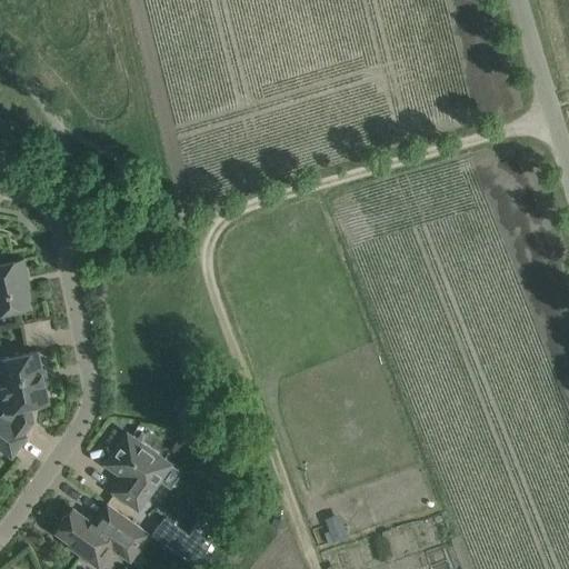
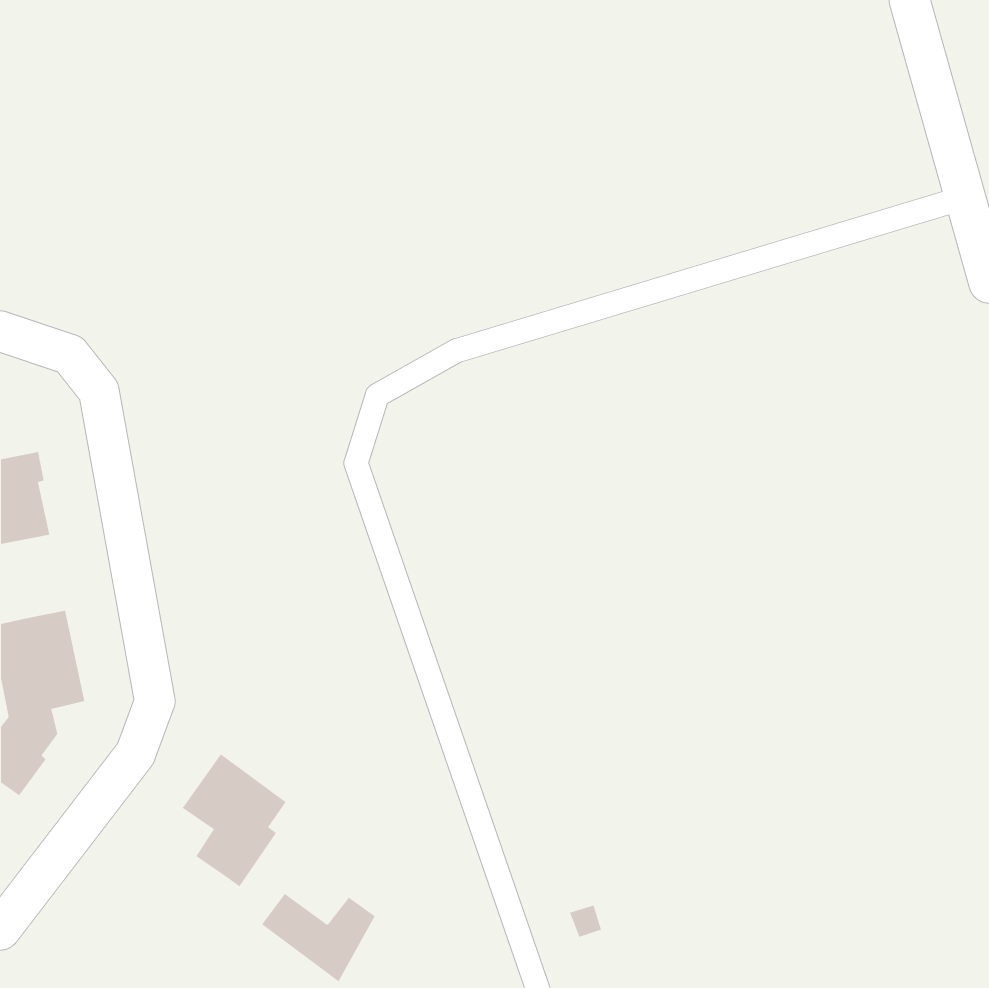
building: [56,505,149,562] -> none

